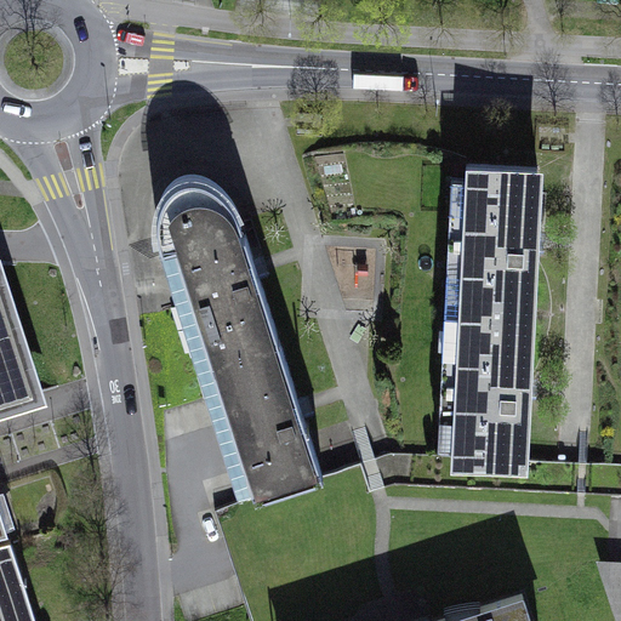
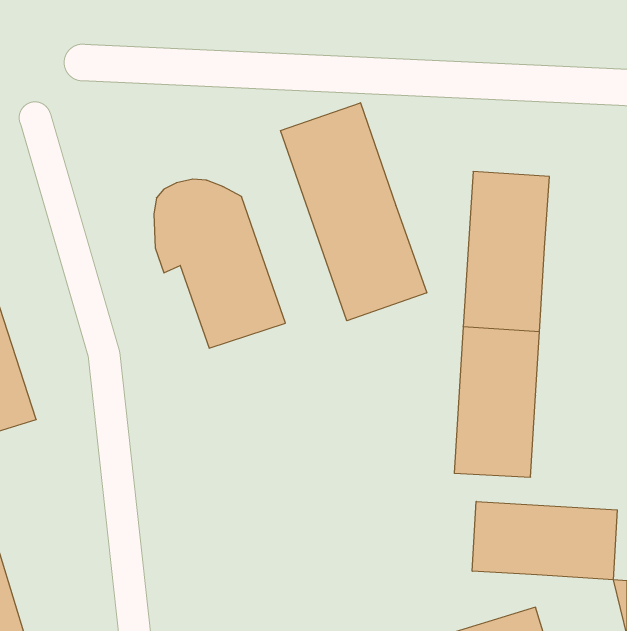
building: none -> [281,103,427,321]
building: [203,321,331,500] -> none
building: none -> [472,501,617,580]

